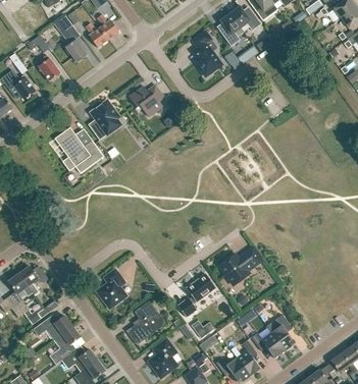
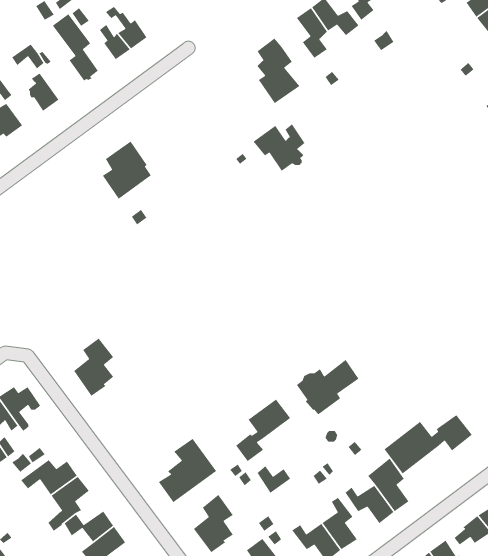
building: [129,85,164,117] -> [253,123,306,172]
building: [54,127,103,173] -> none
building: [97,269,124,309] -> [73,338,114,397]
building: none -> [384,414,473,475]

